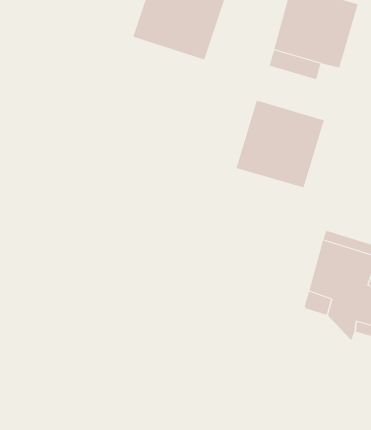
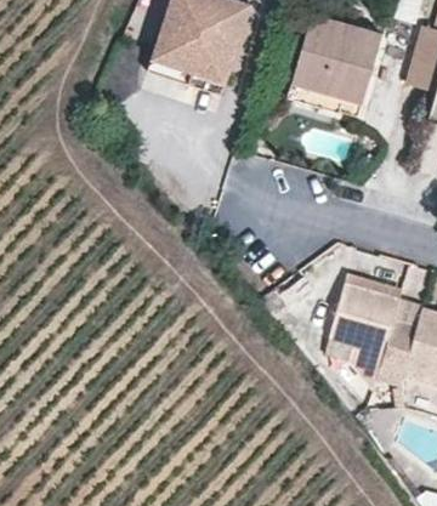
building: [236,100,324,188] -> none

